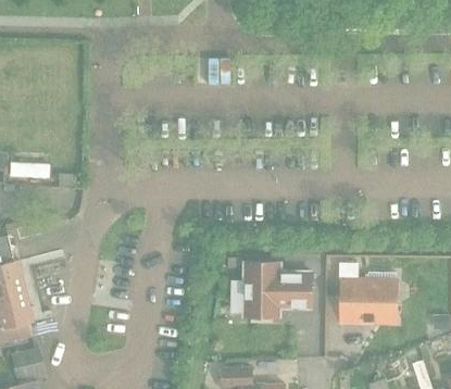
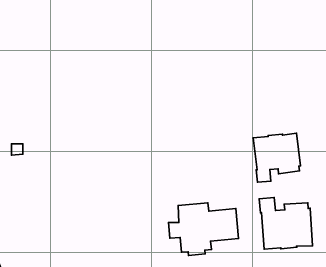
building: none -> [253,133,301,182]

